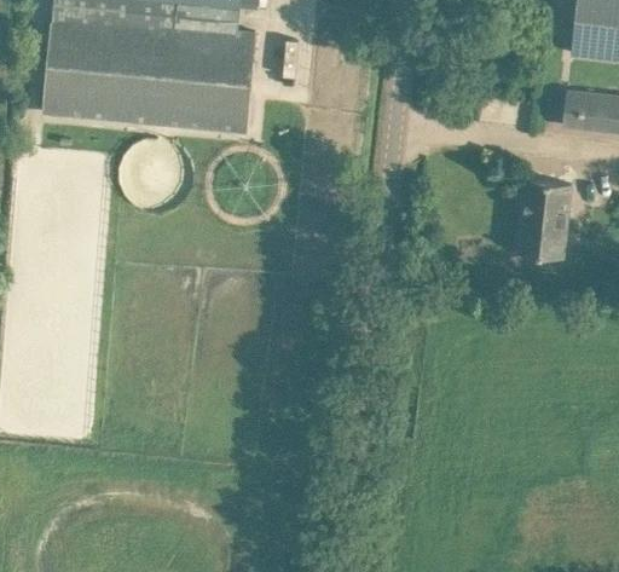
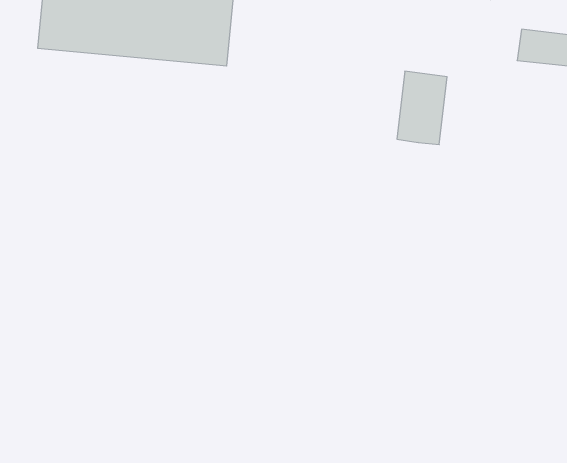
building: [517,179,572,259] -> [397,71,447,145]

